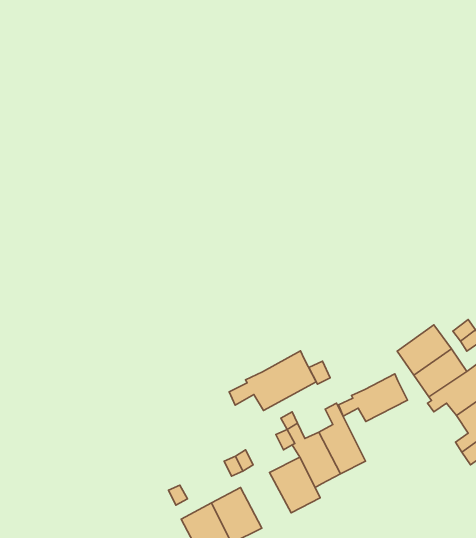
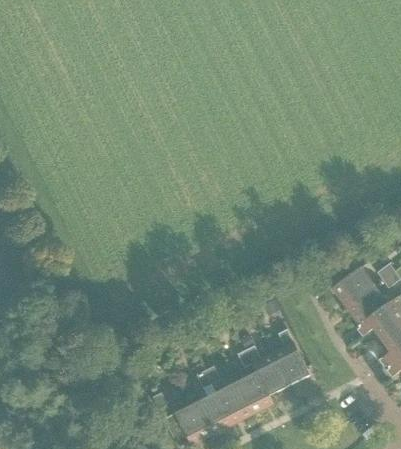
building: [229,351,316,410] -> none
building: [338,374,407,422] -> none
building: none -> [209,381,249,425]

